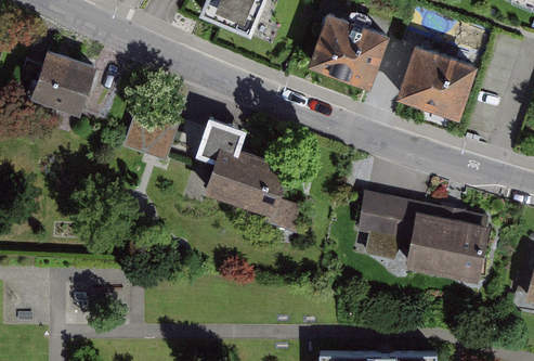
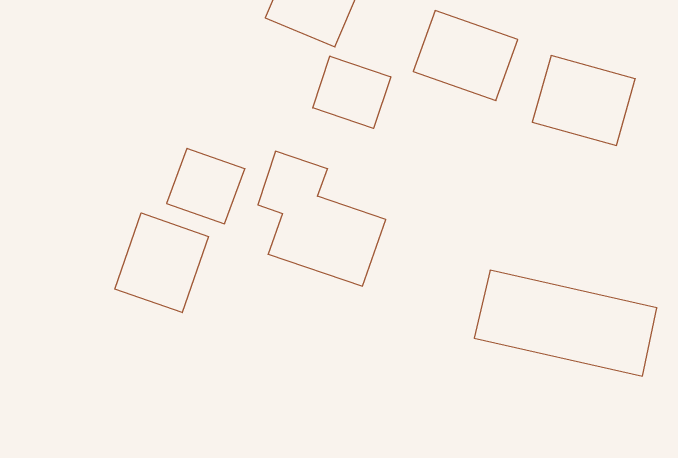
building: none -> [313,56,391,128]
building: [31,51,95,111] -> none
building: none -> [115,213,209,313]

